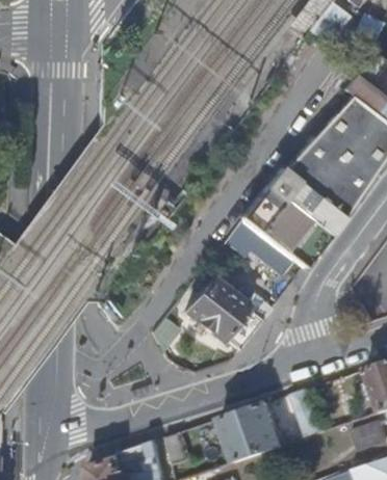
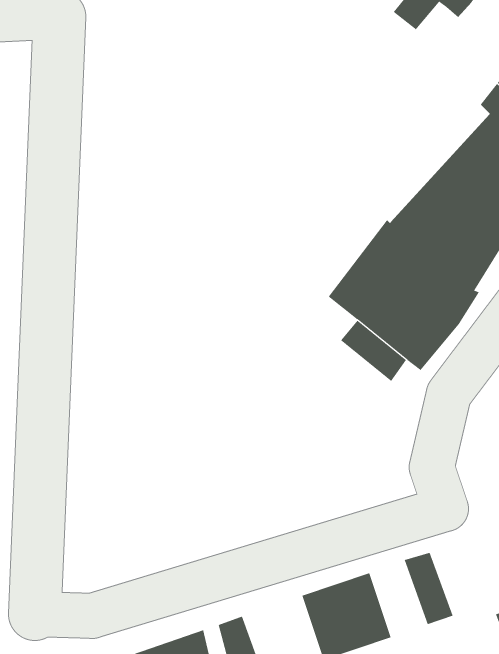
building: [185,270,270,351] -> none

